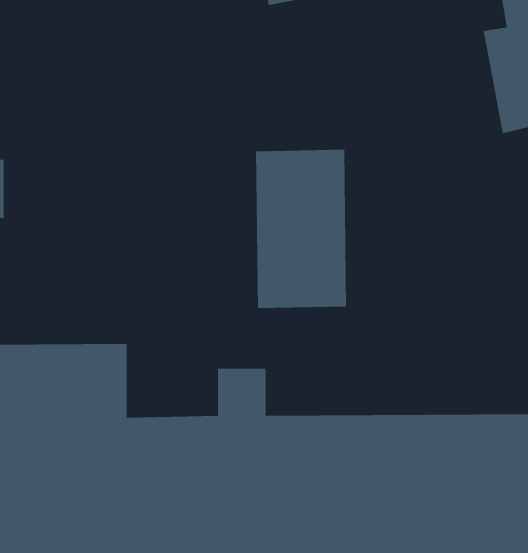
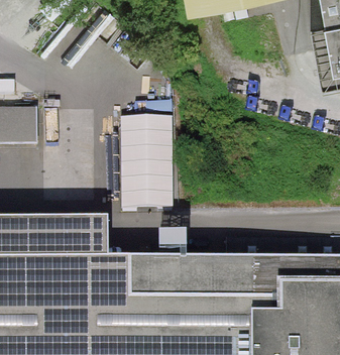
building: [255,149,347,309] -> [121,114,174,206]

